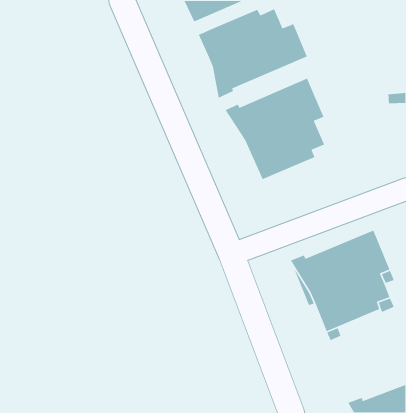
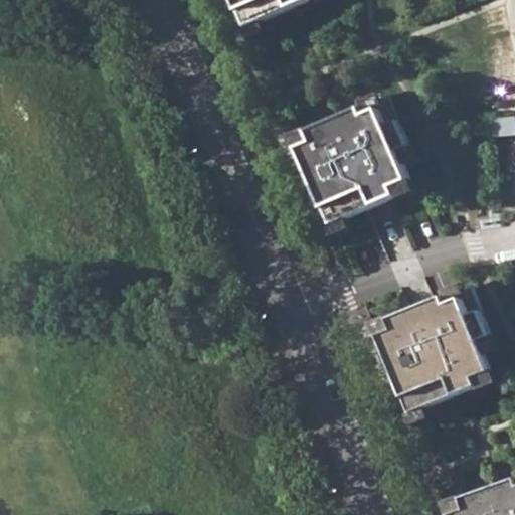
building: [198,8,308,99] -> none

